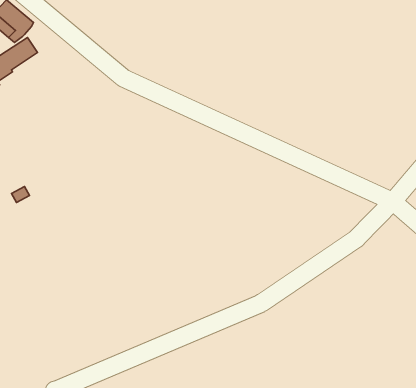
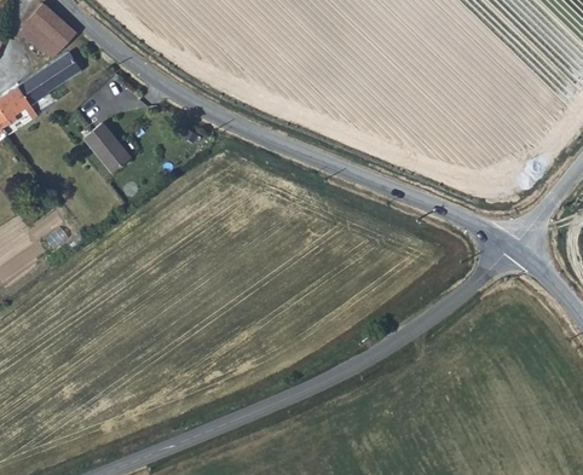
building: none -> [85,123,132,173]

